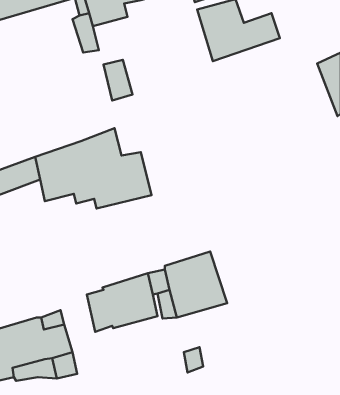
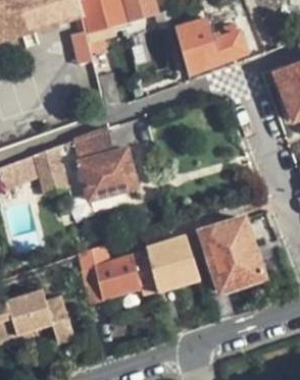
building: none -> [203,216,265,290]

